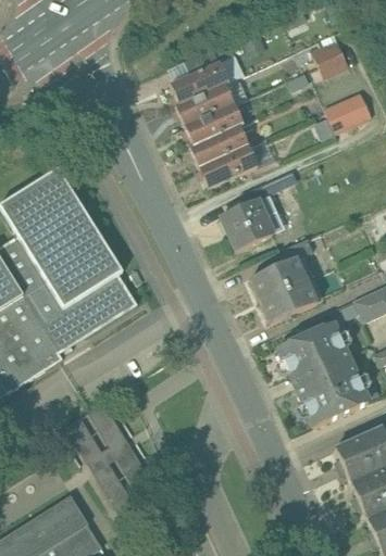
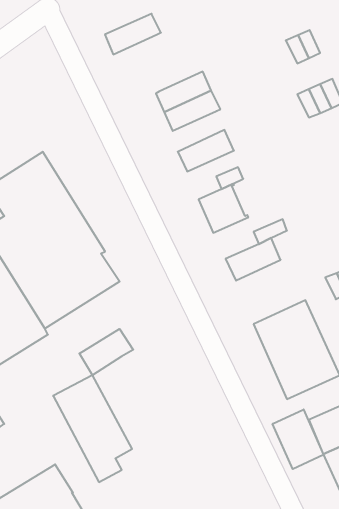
building: [171,62,229,104] -> [105,14,161,54]
building: [190,125,248,167] -> none
building: [260,280,317,325] -> none
building: none -> [79,329,133,375]
building: none -> [273,409,324,469]

